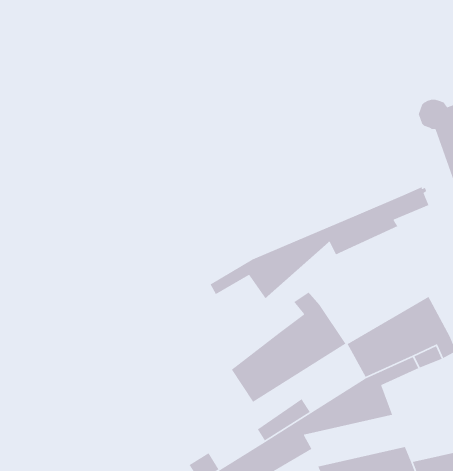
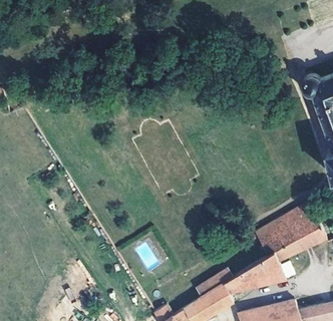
building: [209,186,430,299] -> none
building: [231,292,347,403] -> none

